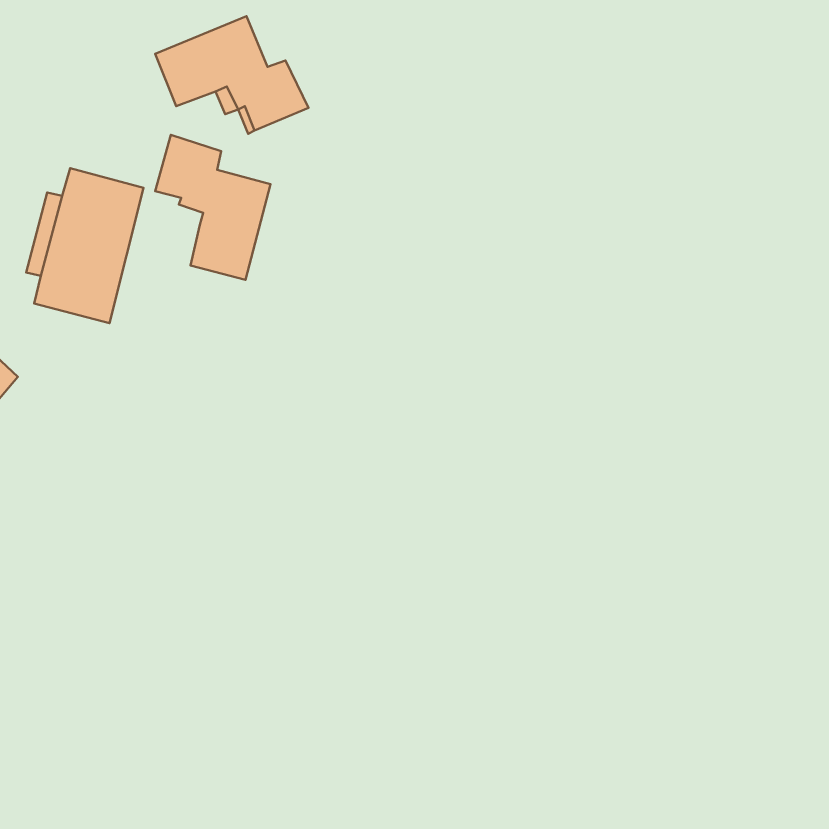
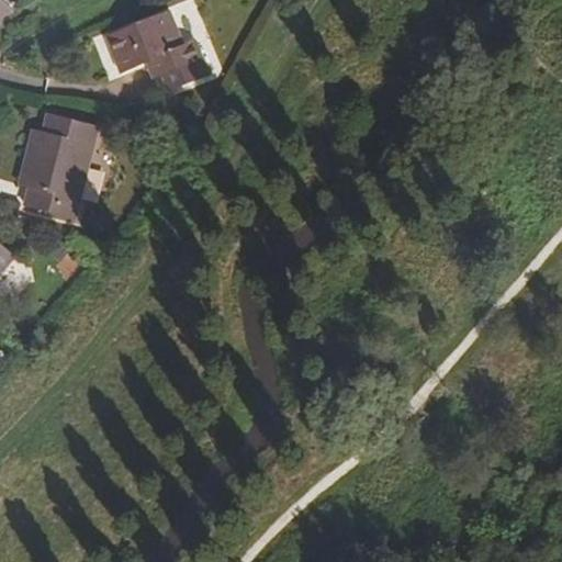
building: [155,135,270,280] -> none

